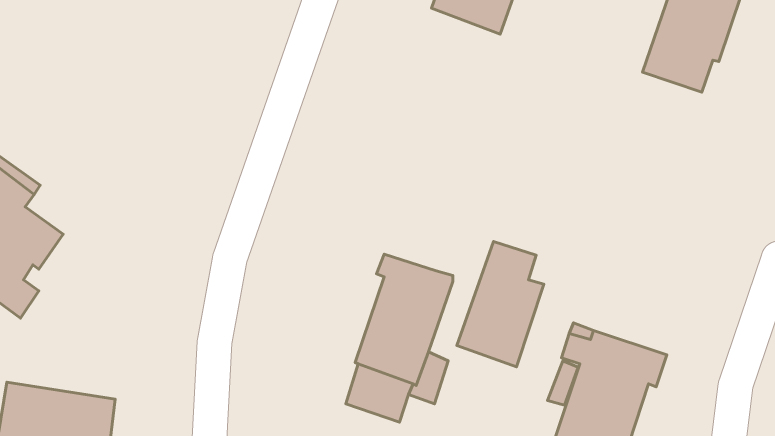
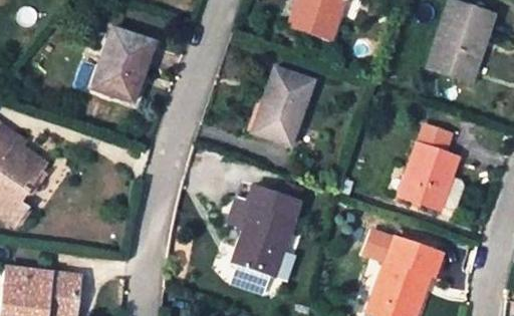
building: none -> [92,31,154,102]
building: none -> [253,66,313,142]
building: [457,242,544,367] -> [398,125,455,208]

